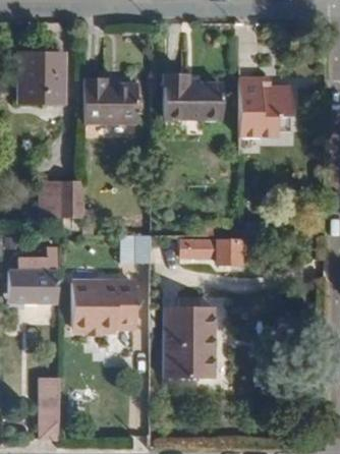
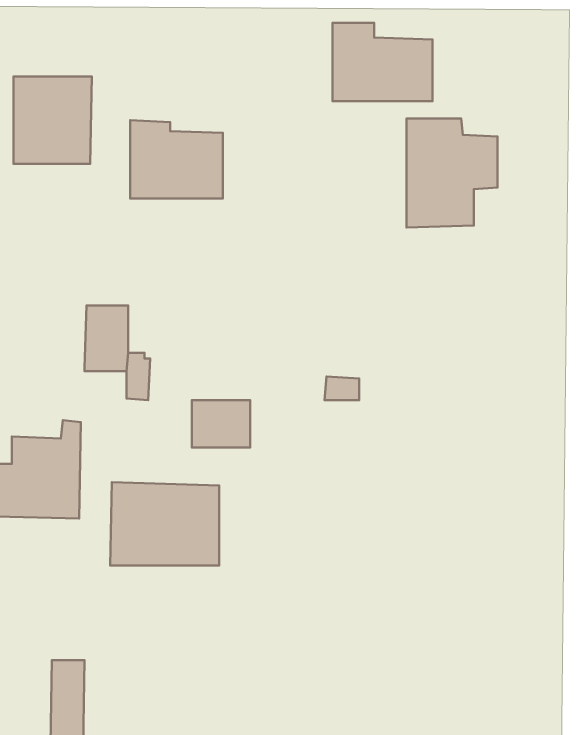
building: [165,75,221,119] -> [332,23,432,101]
building: [180,240,238,270] -> none
building: [163,308,213,379] -> none

